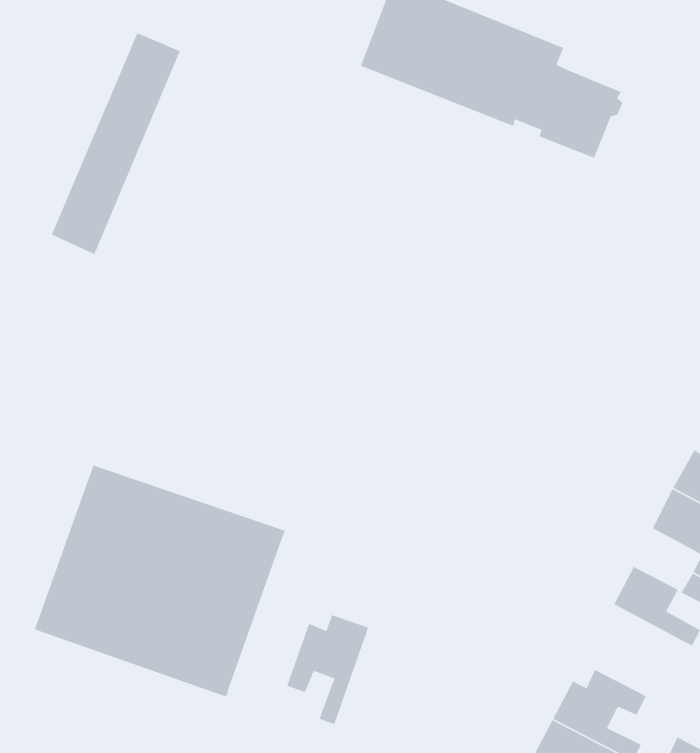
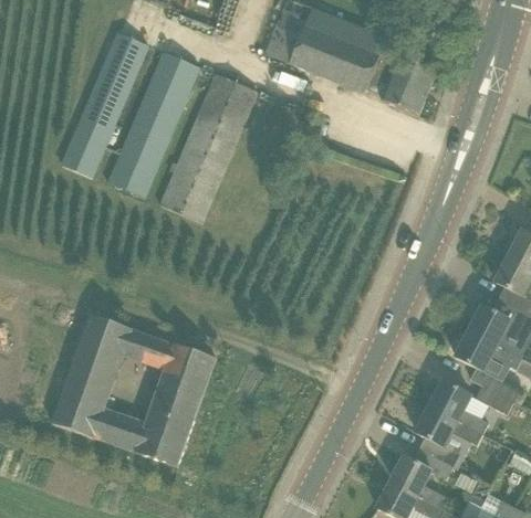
building: none -> [108,51,199,197]
building: none -> [159,73,257,222]
building: none -> [416,405,482,465]
building: [286,614,369,725] -> none

